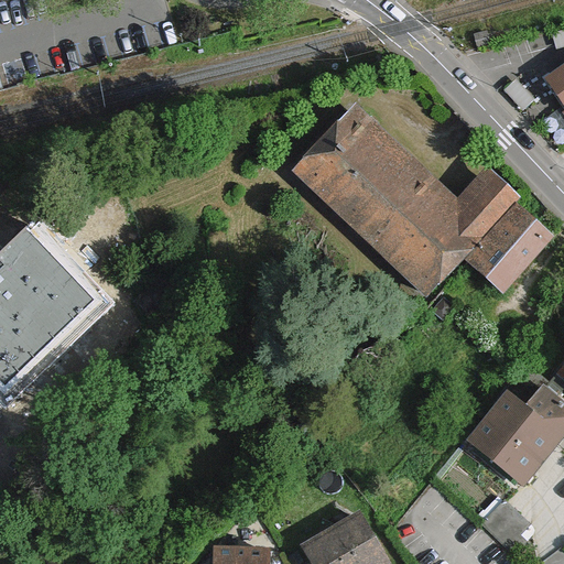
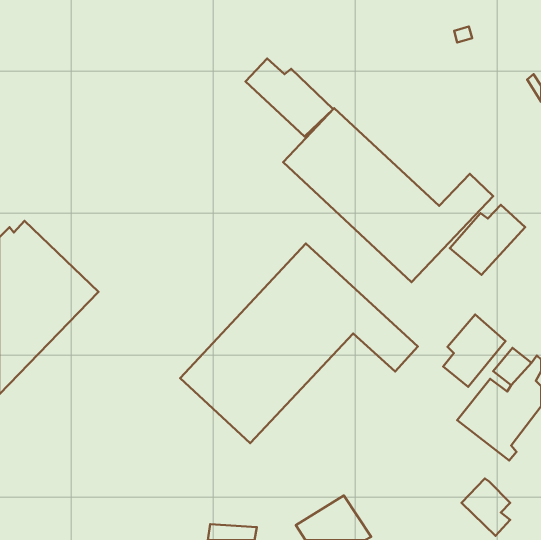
building: none -> [246,58,333,137]
building: none -> [180,244,418,443]
building: none -> [443,314,505,387]

